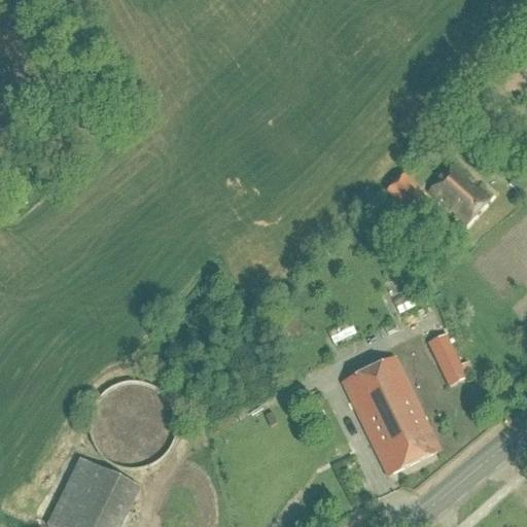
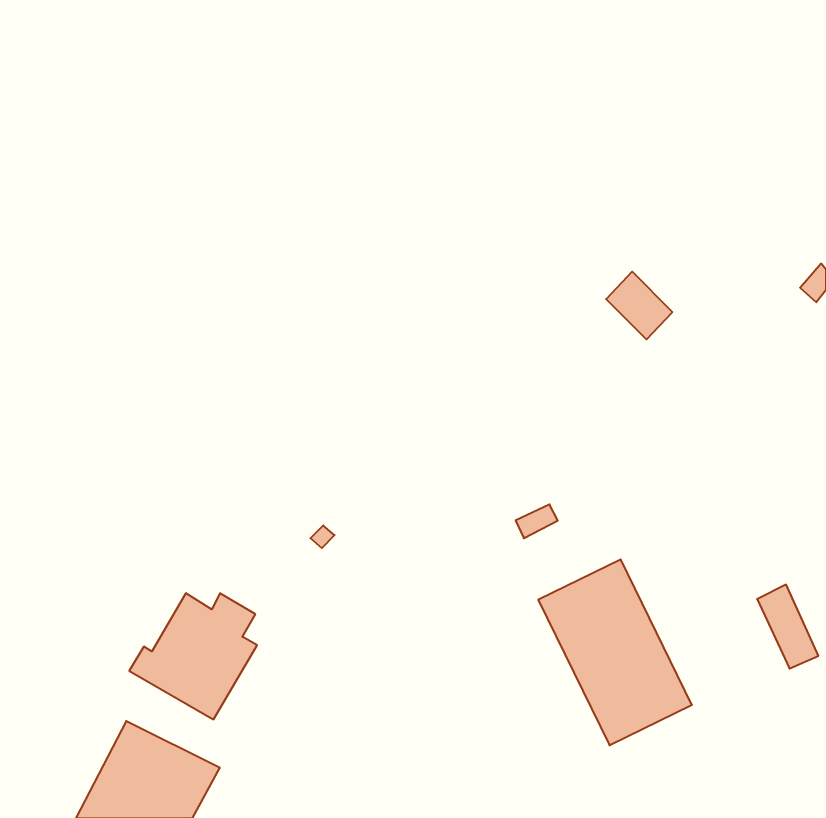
building: [427,162,489,222] -> none
building: [428,333,467,387] -> [757,585,818,669]

